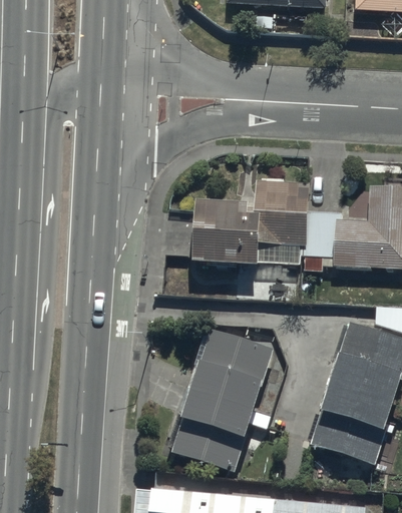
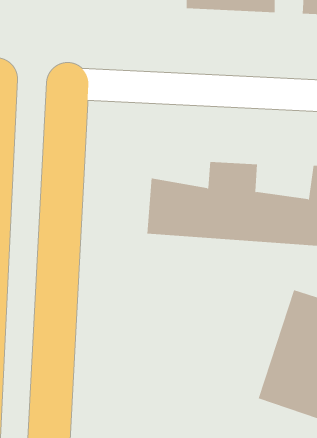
building: [169,329,275,471] -> none

